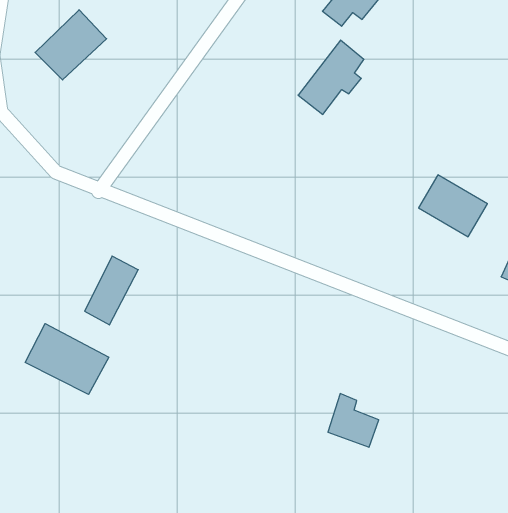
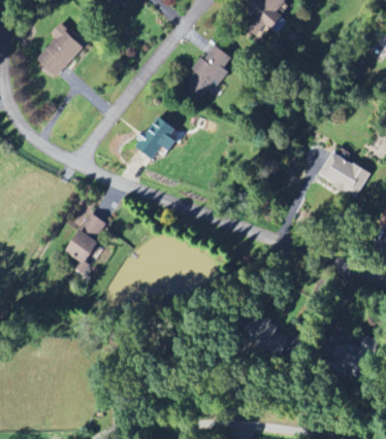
building: [298,40,364,114] -> [182,42,231,98]
building: none -> [134,114,175,159]
building: [25,324,109,394] -> none

